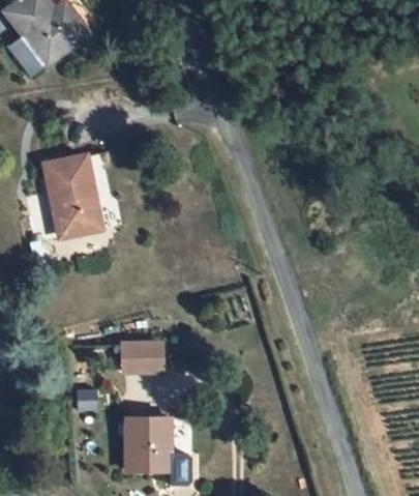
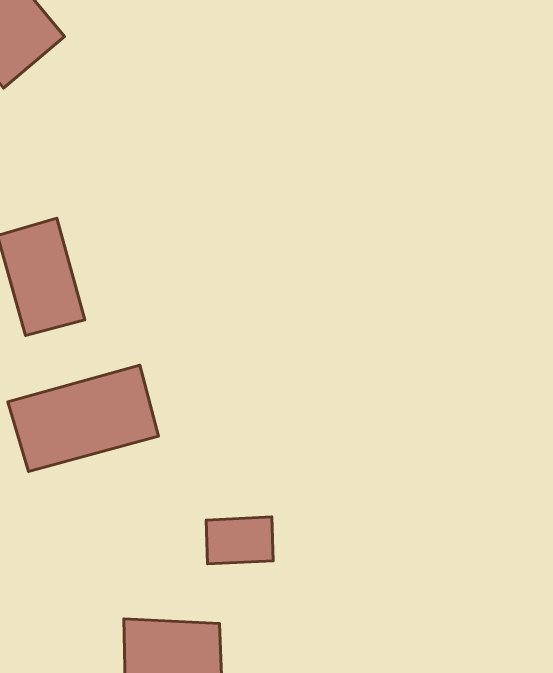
building: none -> [8,365,159,472]
building: [123,344,168,375] -> [206,517,273,564]

